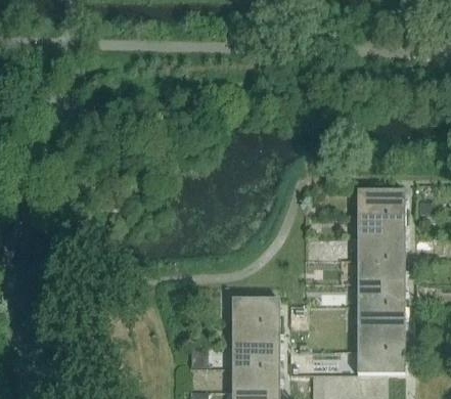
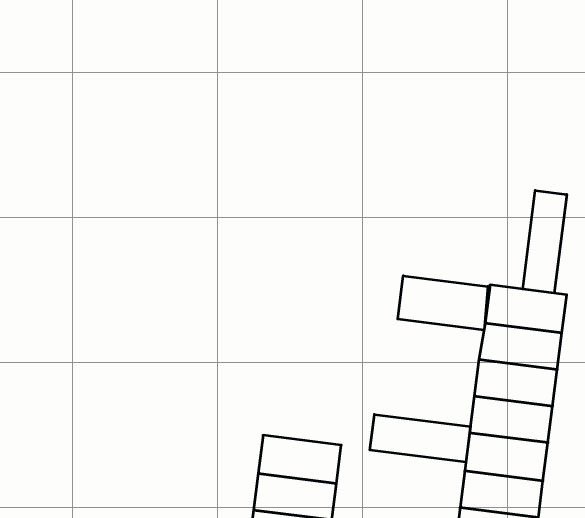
building: none -> [523,190,567,293]
building: none -> [398,276,488,330]
building: none -> [370,414,470,462]

